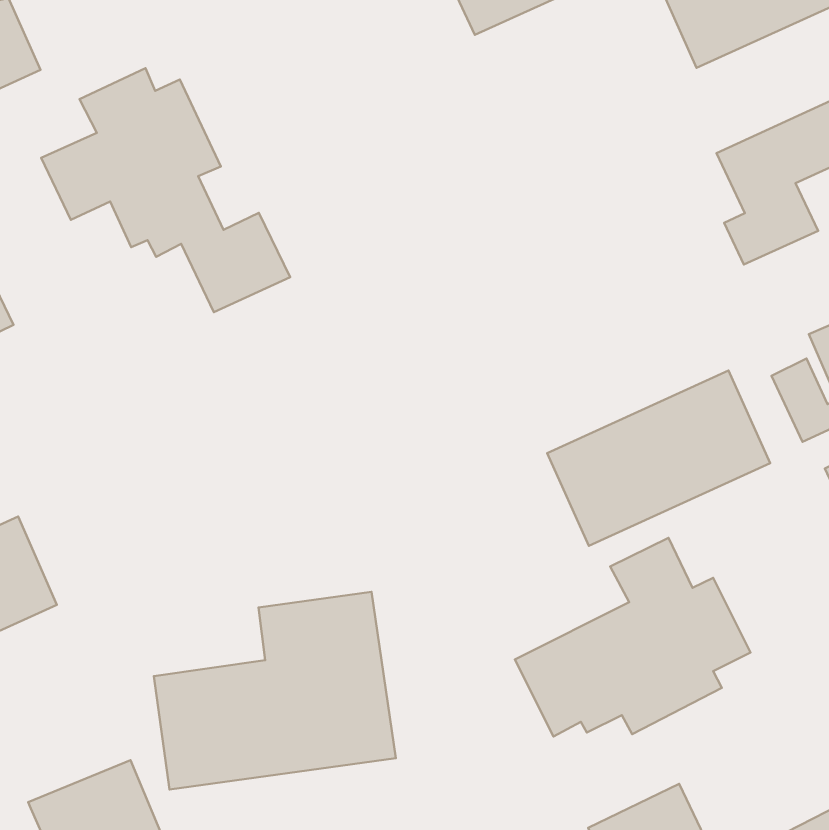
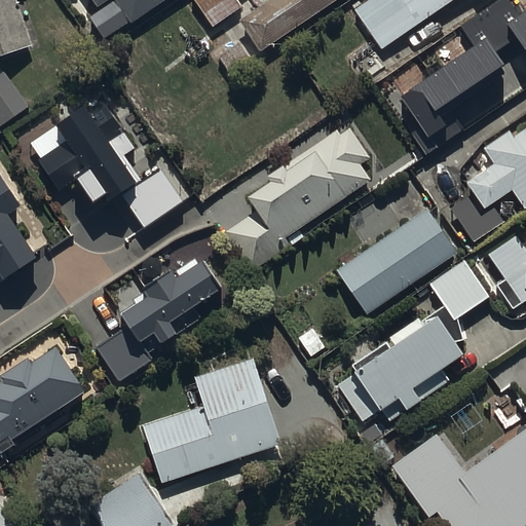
building: none -> [224,127,371,271]
building: none -> [97,257,222,374]
building: none -> [428,259,490,322]

